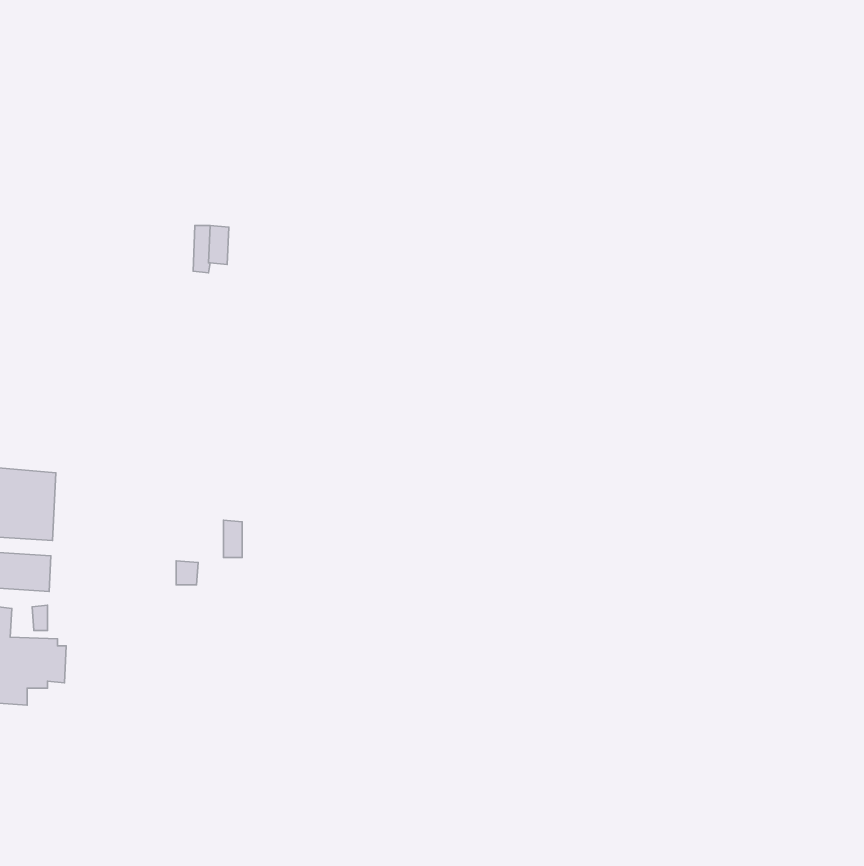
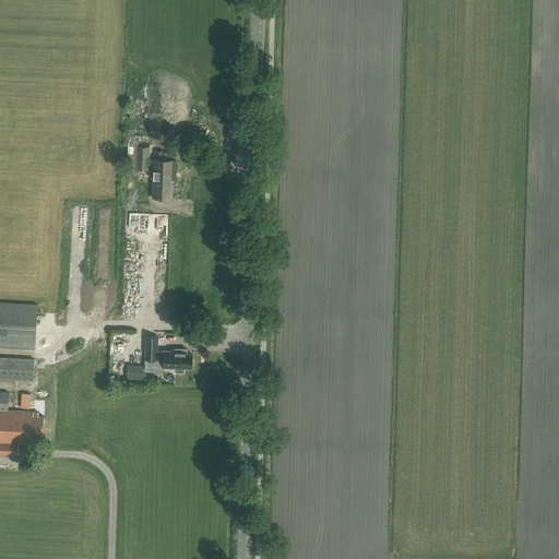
building: none -> [151,159,176,199]
building: none -> [162,348,191,372]

